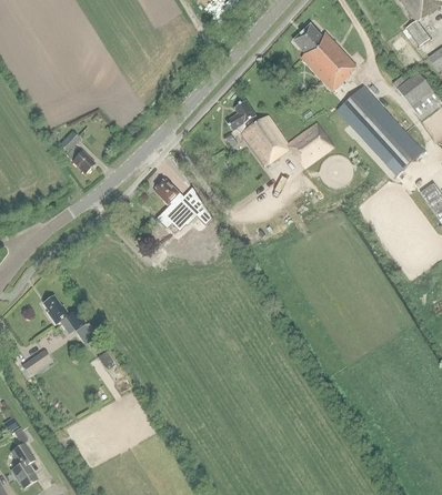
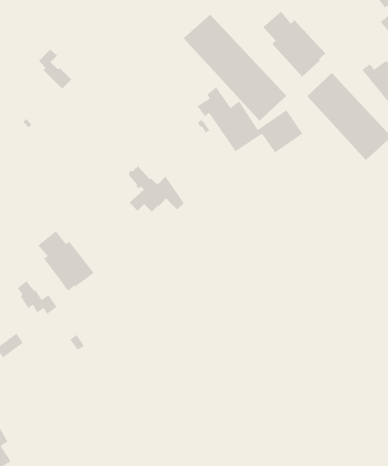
building: none -> [183,14,287,121]
building: [60,131,94,172] -> [38,49,72,89]
building: none -> [38,231,94,291]

